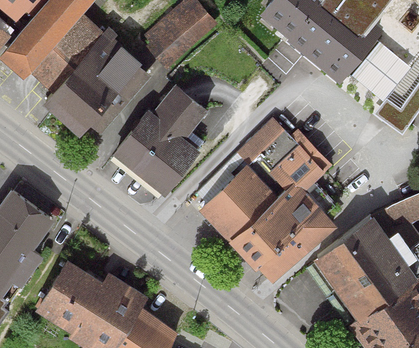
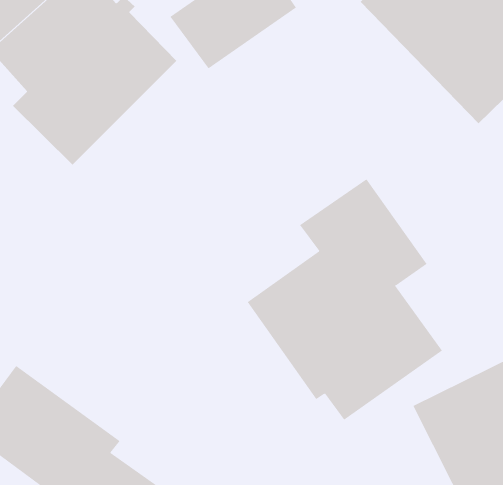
building: [121,91,200,191] -> none

